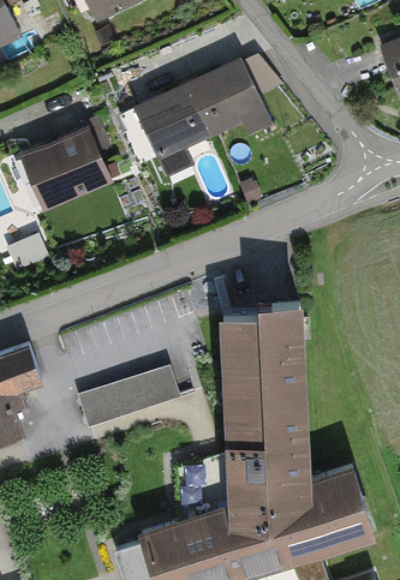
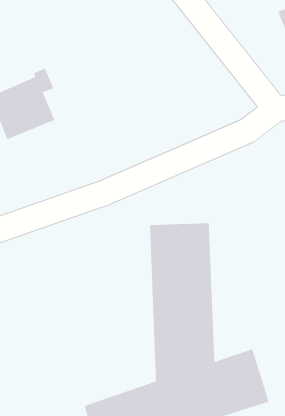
building: [135,58,273,175] -> none
building: [77,365,181,430] -> none

